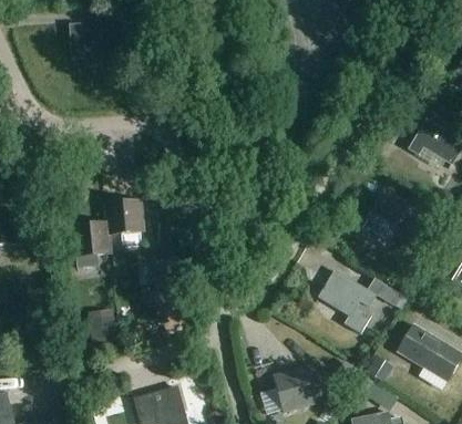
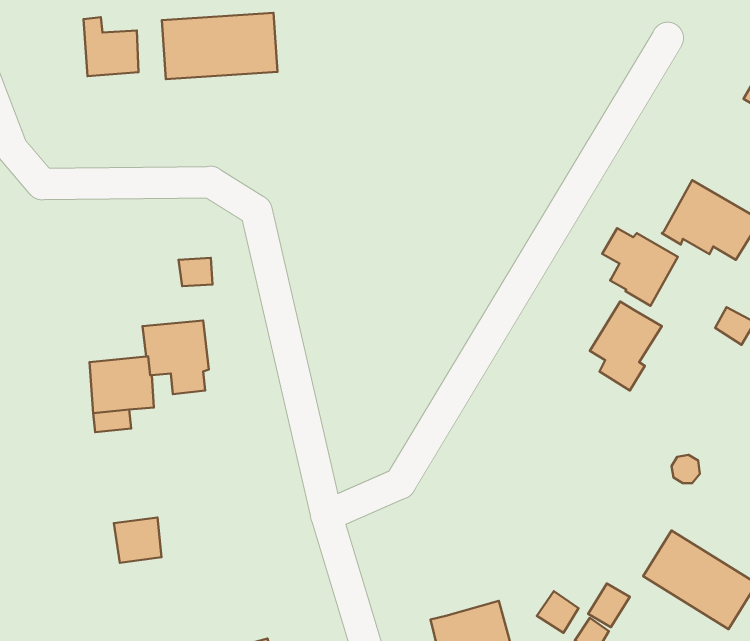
building: none -> [162,13,278,79]
building: none -> [602,228,678,306]
building: [320,271,409,334] -> none

